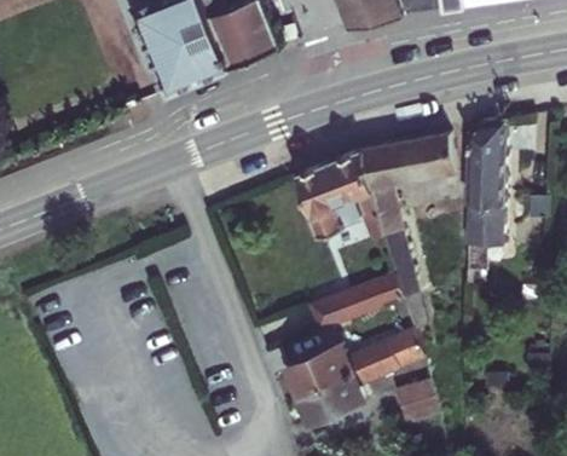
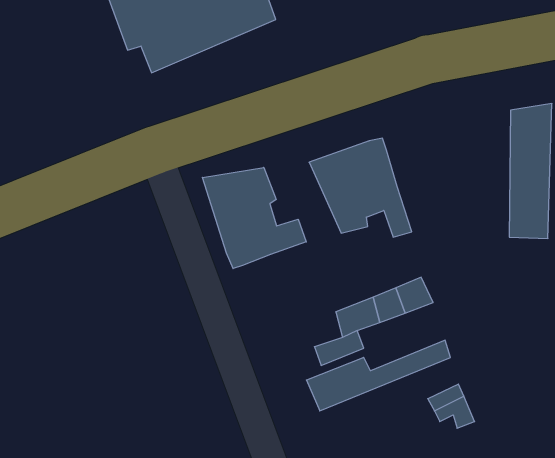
building: [370,137,465,220] -> none
building: none -> [202,167,306,269]
building: [309,350,433,426] -> none

